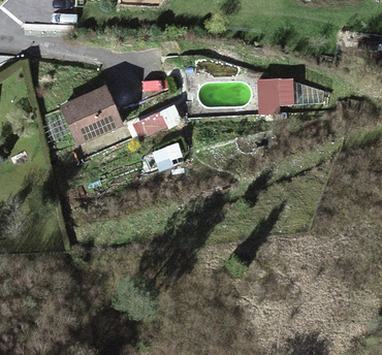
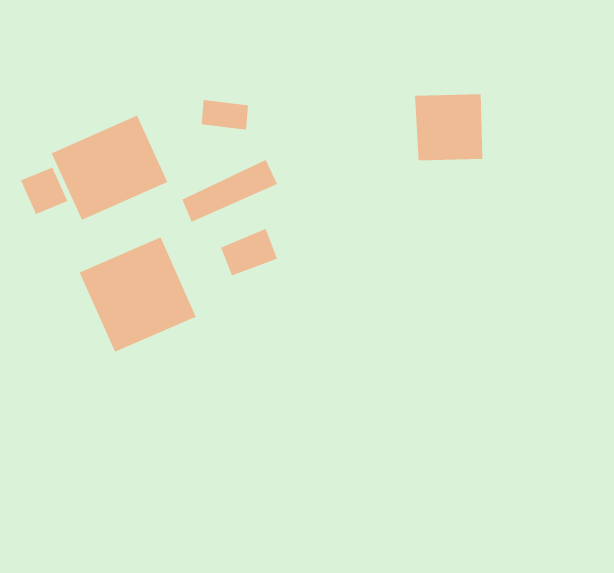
building: none -> [79,237,197,353]

